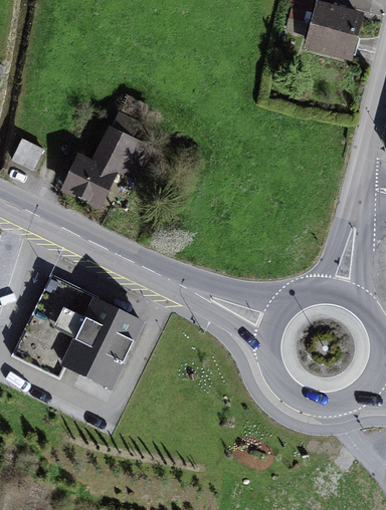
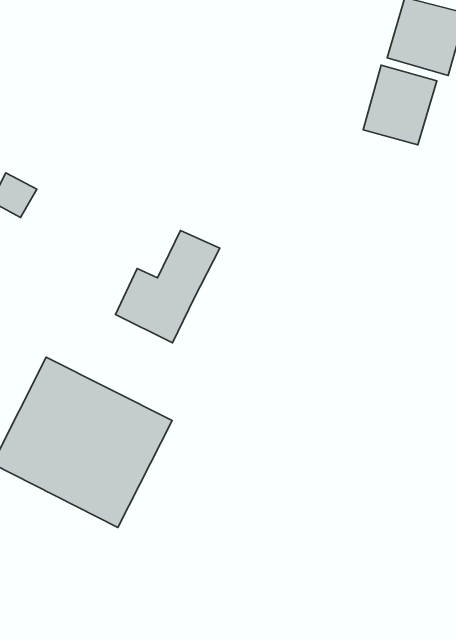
building: none -> [363,65,437,145]
building: [64,126,142,210] -> [116,230,220,343]

